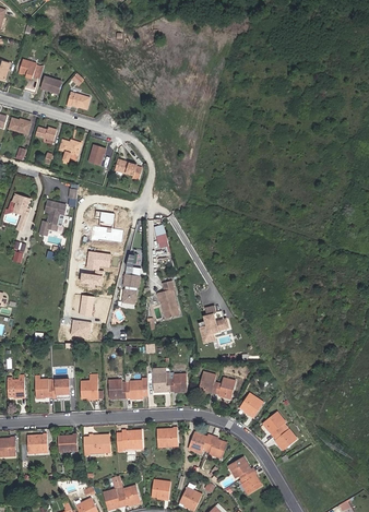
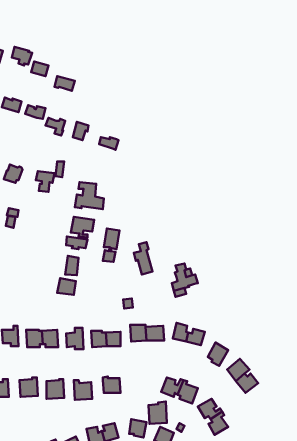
building: [157,427,178,452] -> [148,401,167,424]

